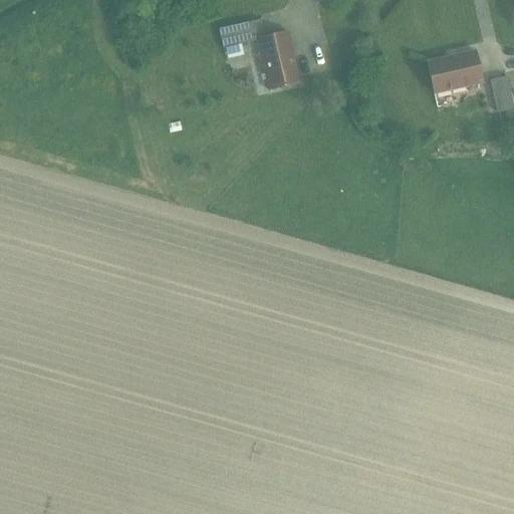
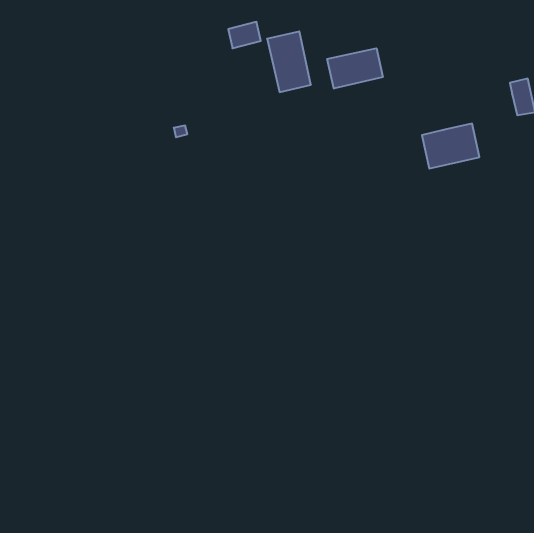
building: none -> [327,48,383,89]
building: [427,49,482,92] -> [422,124,479,169]

